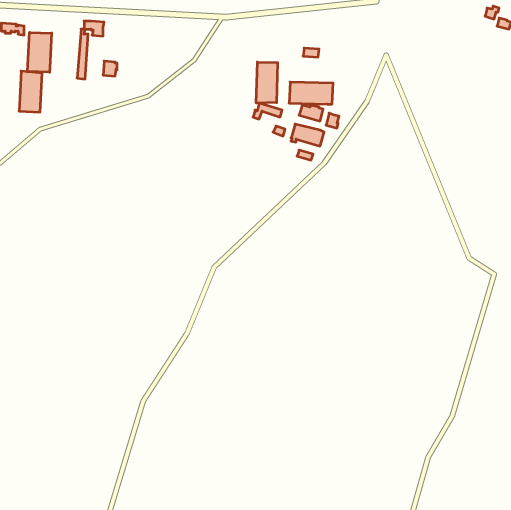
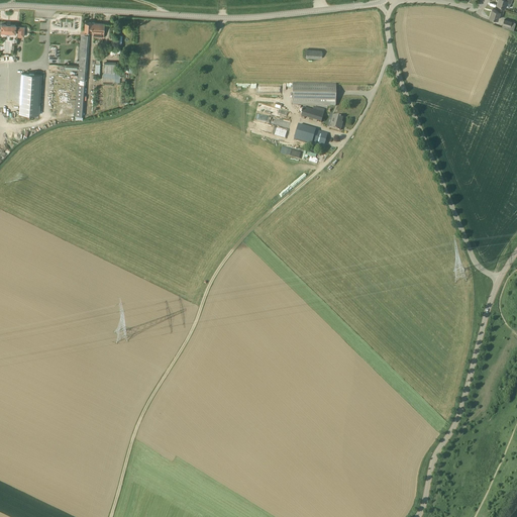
building: [27,32,52,72] -> none
building: [256,62,278,103] -> none

